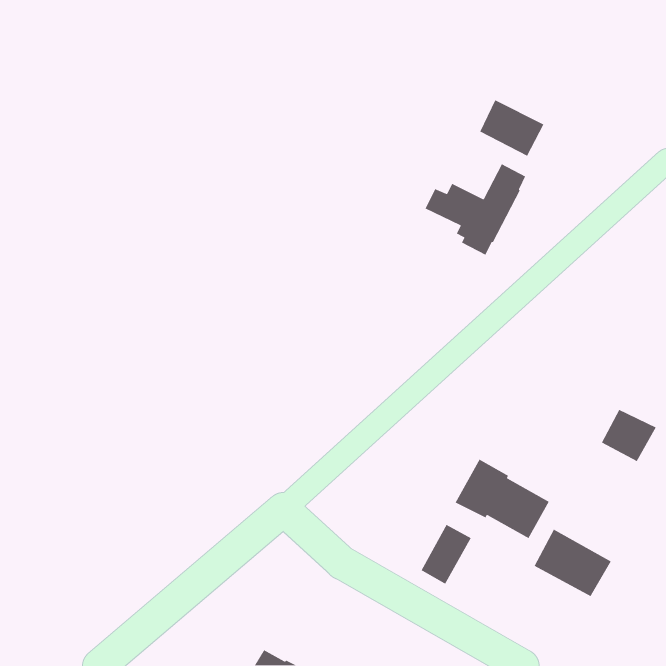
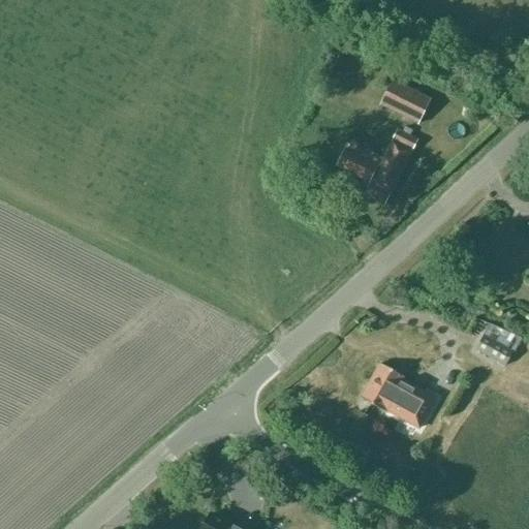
building: [421,524,472,585] -> none
building: [533,529,612,597] -> none

